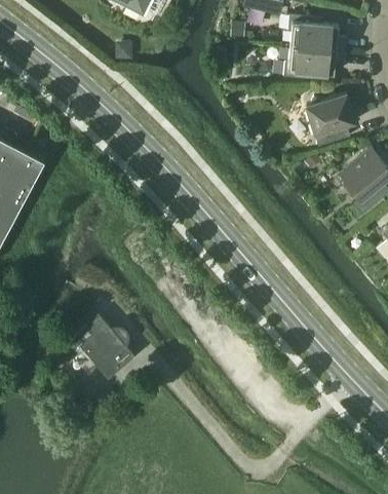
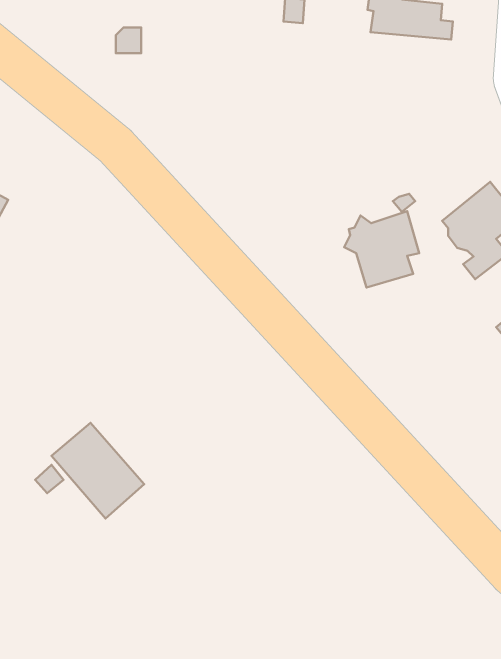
building: [284,45,346,78] -> none
building: [304,93,355,146] -> [344,211,419,287]

